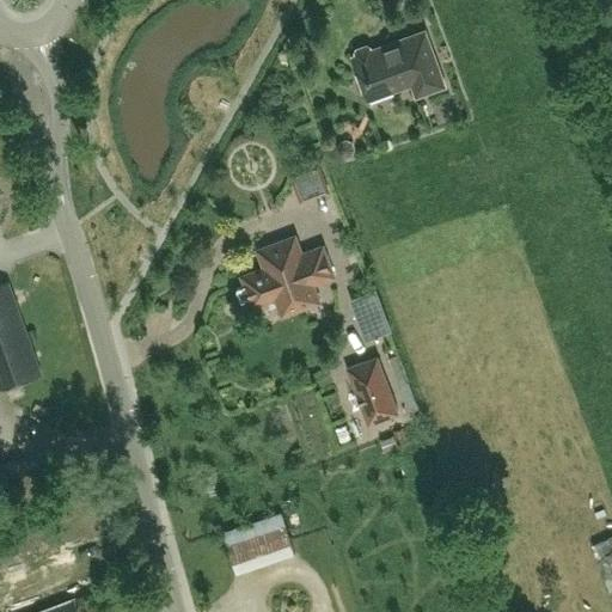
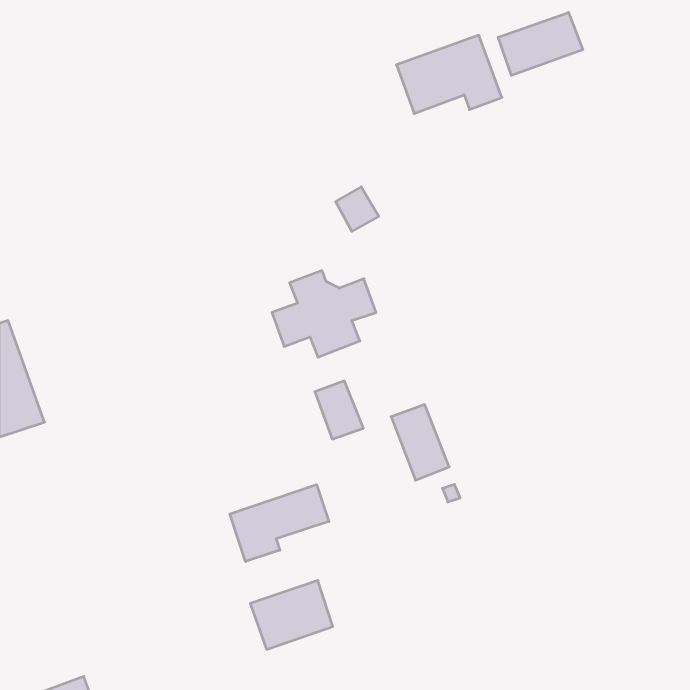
building: none -> [498,12,583,75]
building: [348,289,391,341] -> [315,381,363,439]
building: none -> [230,485,329,562]

